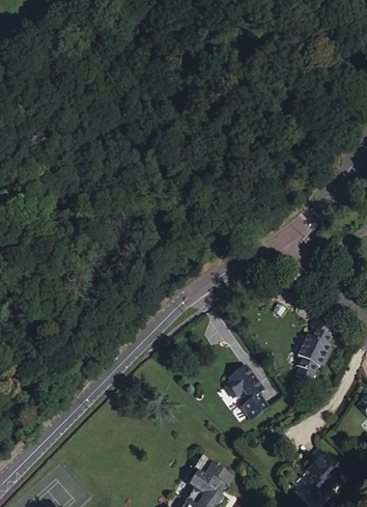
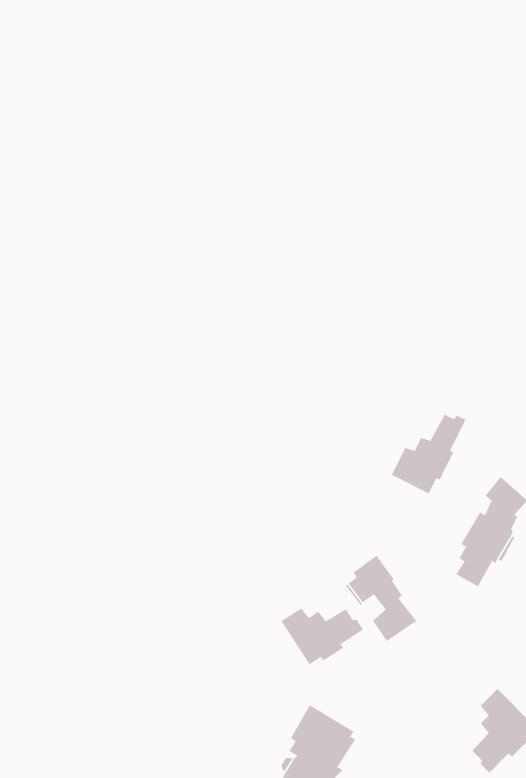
building: none -> [391,414,466,494]
building: none -> [281,607,364,665]

